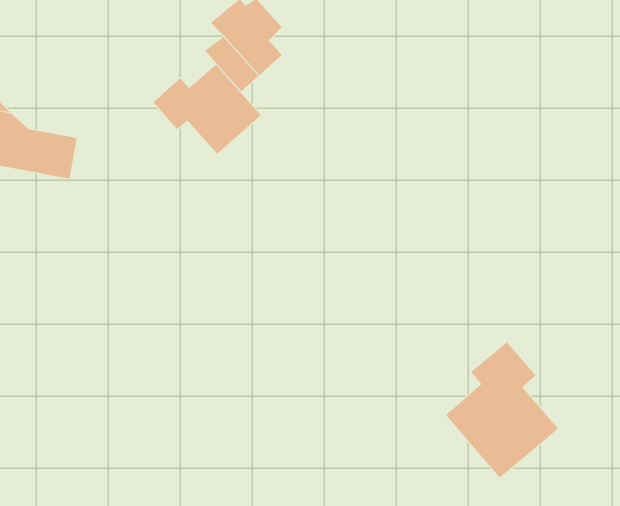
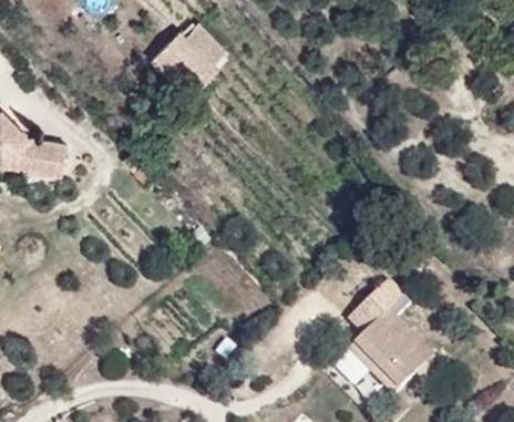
building: [153,64,261,155] -> none

